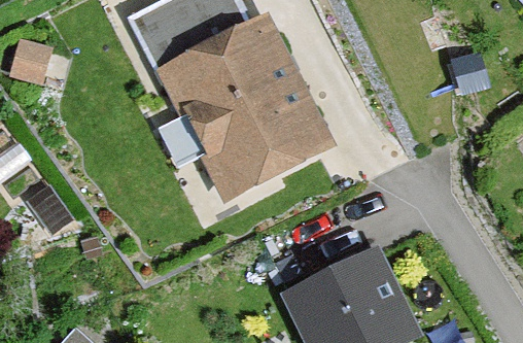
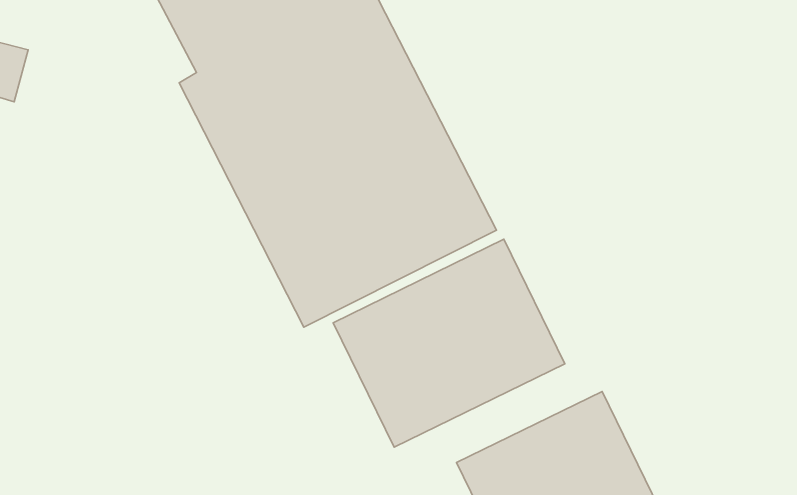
building: none -> [333,239,565,447]

